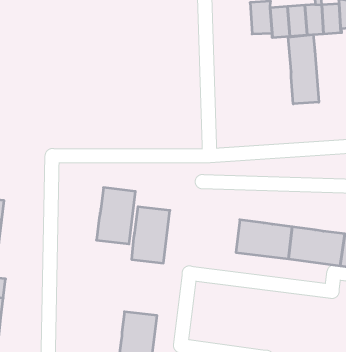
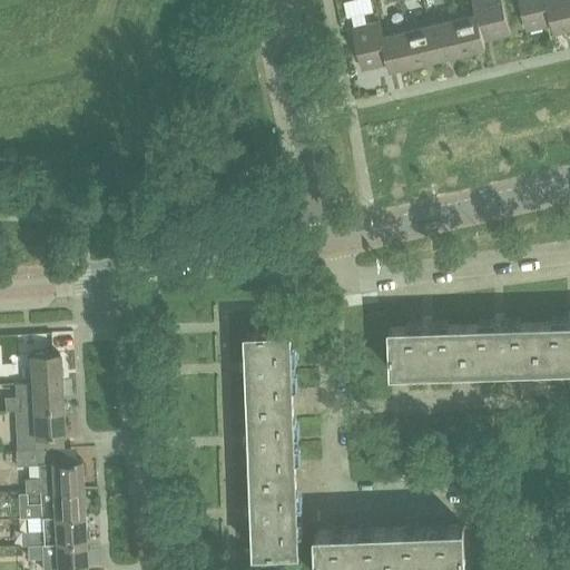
building: [288,35,319,104] -> none
building: [96,188,135,244] -> [247,410,295,485]

